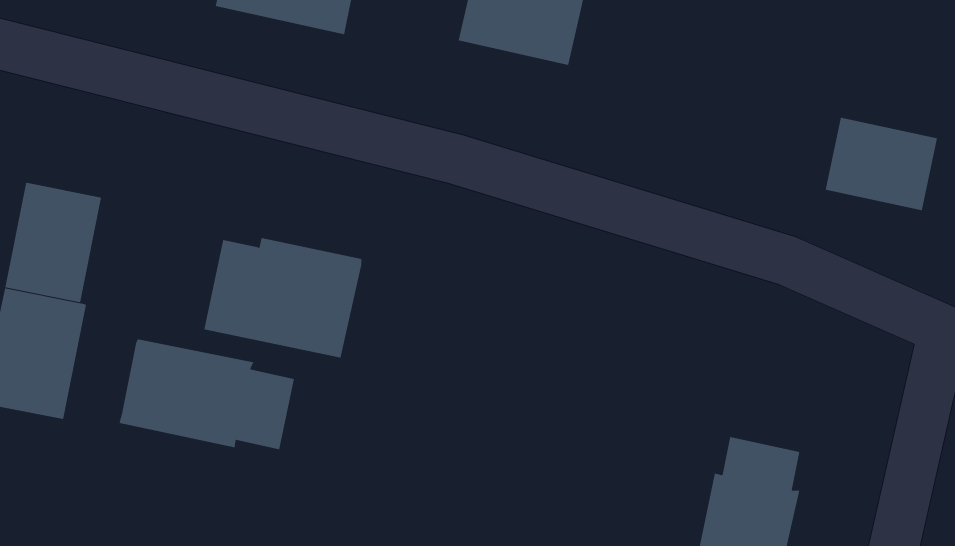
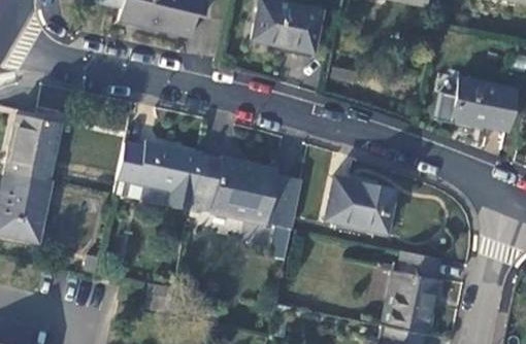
building: none -> [191,159,301,230]
building: none -> [325,178,394,233]
building: [119,339,294,450] -> none

